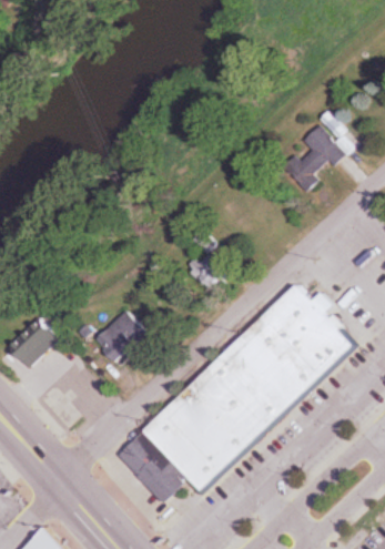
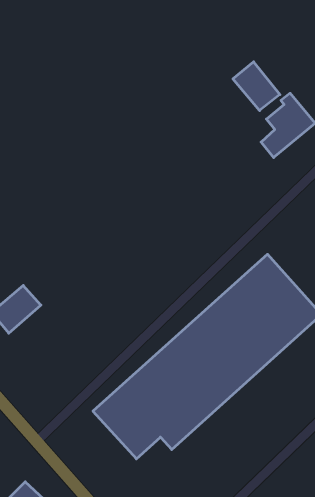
building: none -> [233,62,280,111]
building: [92,309,145,363] -> none

